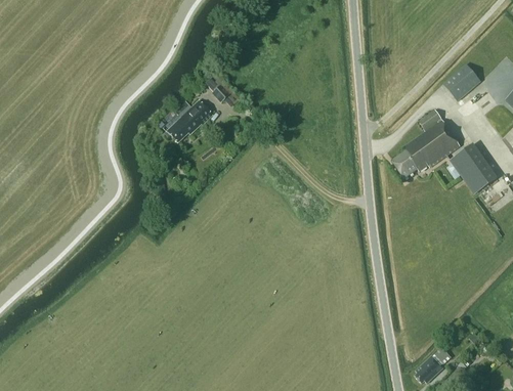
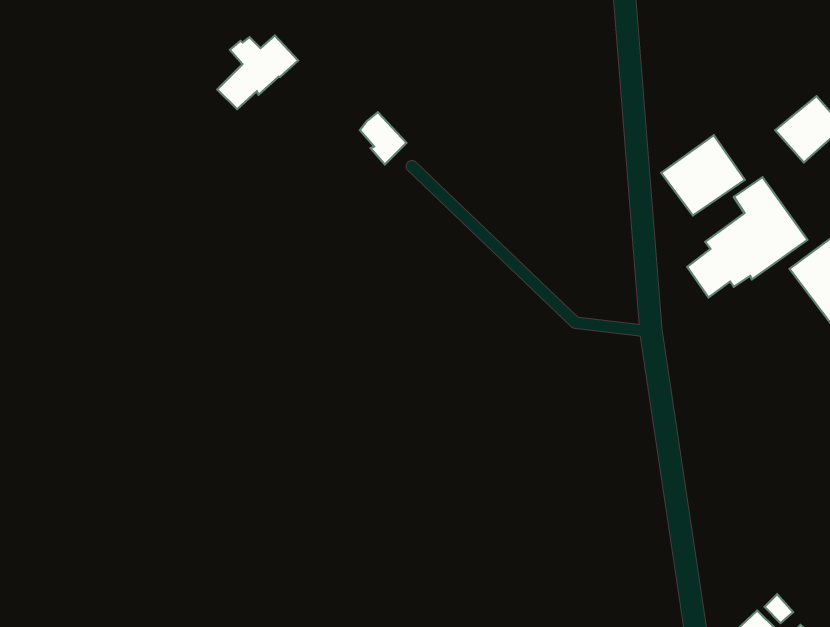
building: none -> [661,135,745,216]
building: [166,100,212,142] -> [217,35,298,109]

